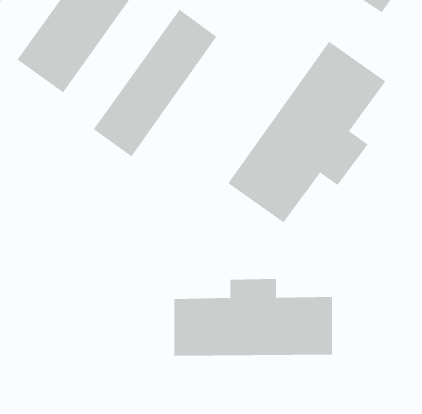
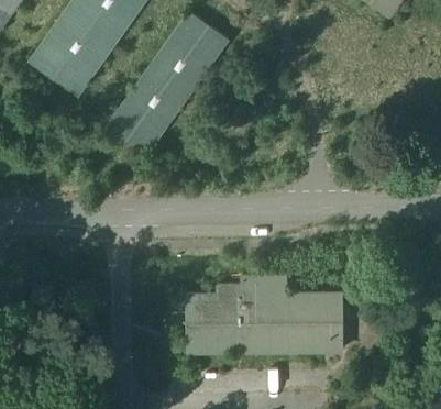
building: [228,41,386,223] -> none

